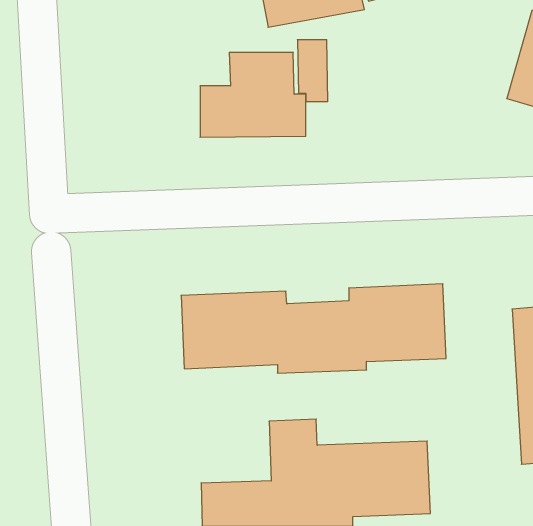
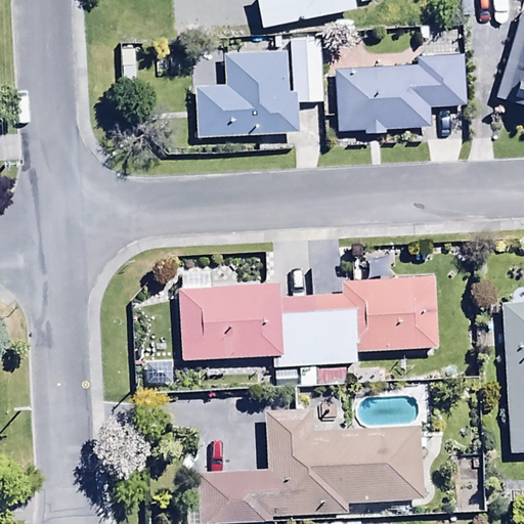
building: none -> [336,54,467,134]

